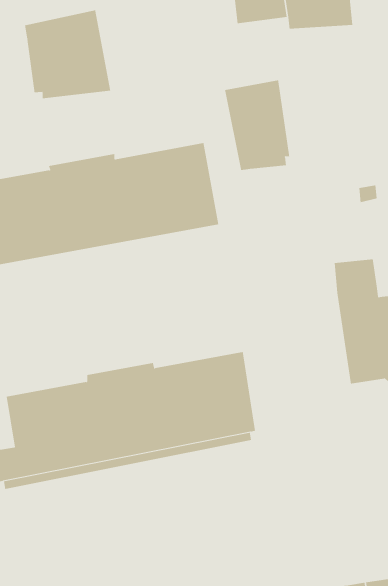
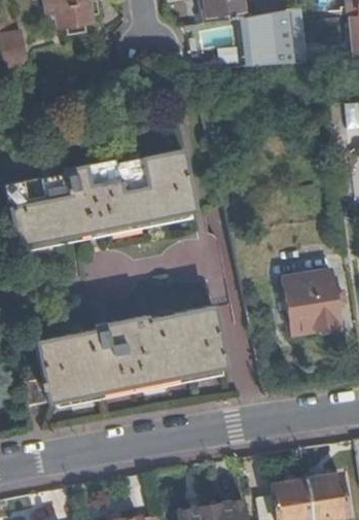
building: [24,9,111,99] -> none
building: [224,80,290,171] -> none

